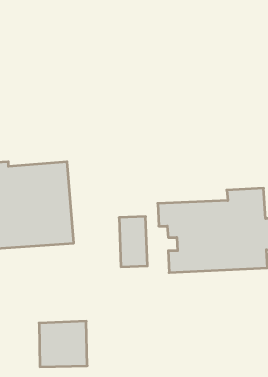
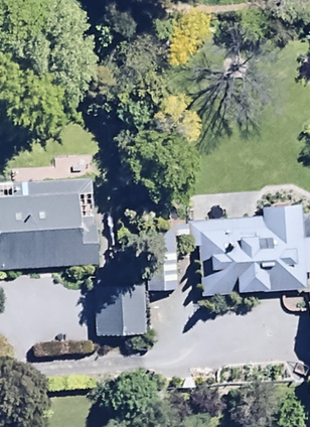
building: [39,321,87,367] -> [98,286,149,334]

